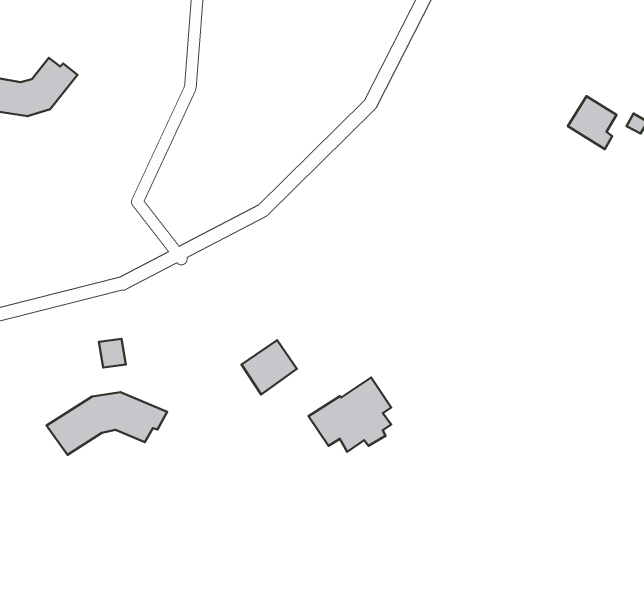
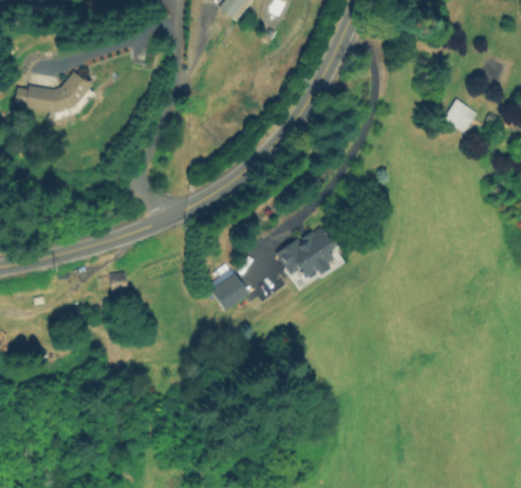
building: [309,378,391,452] -> [276,225,335,278]
building: [46,392,167,455] -> none

